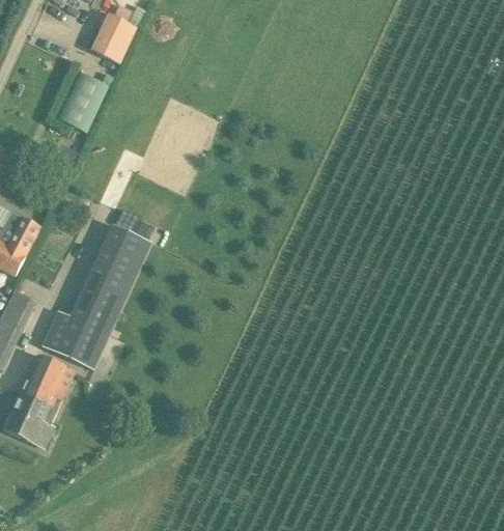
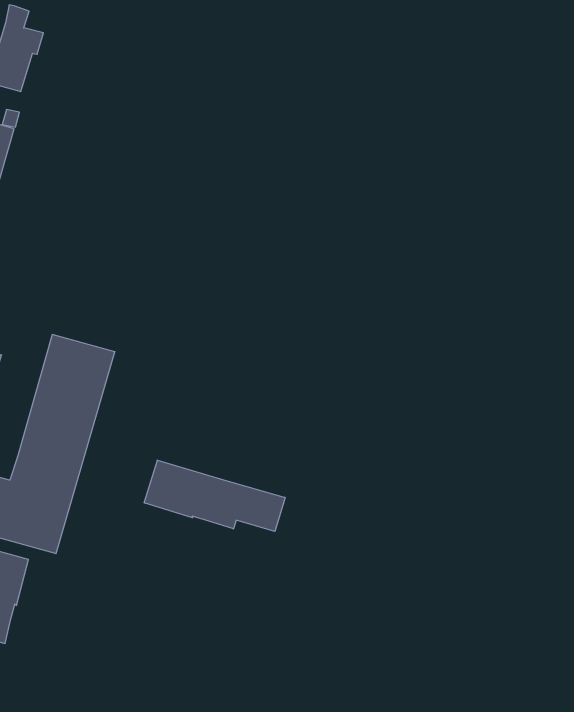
building: none -> [144,460,285,531]

